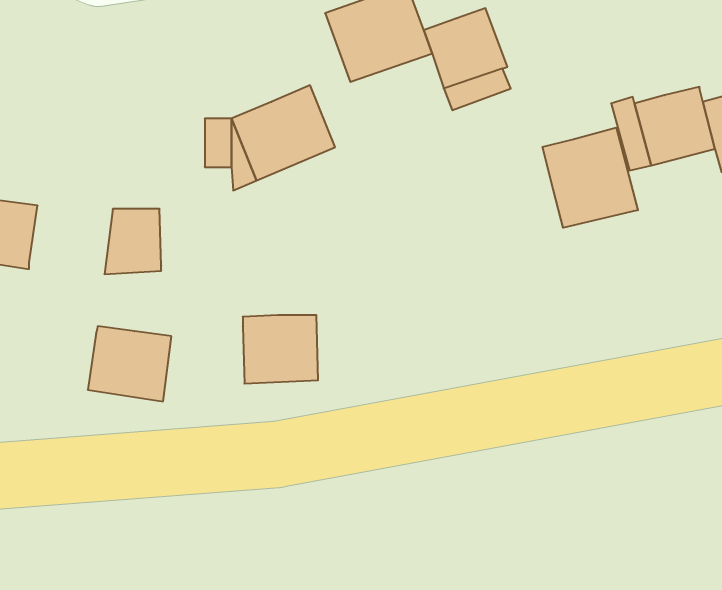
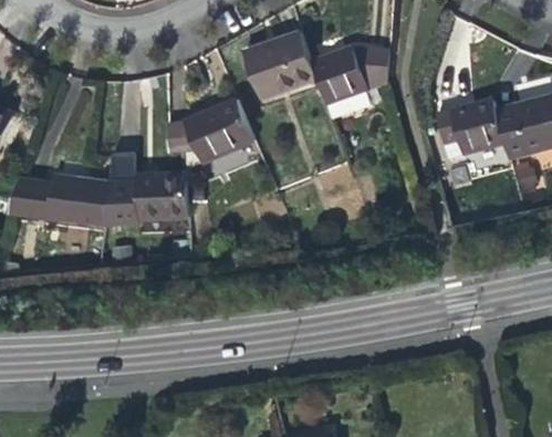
building: none -> [353,49,389,89]
building: [542,128,638,228] -> none
building: [243,315,318,384] -> [137,174,187,219]
building: [88,326,171,401] -> [51,175,106,225]

